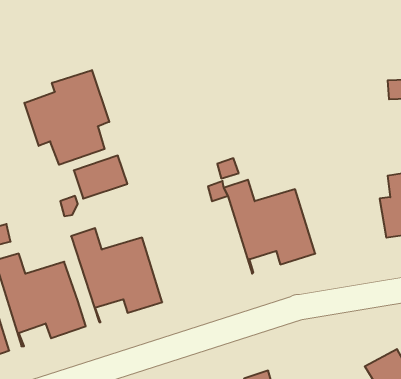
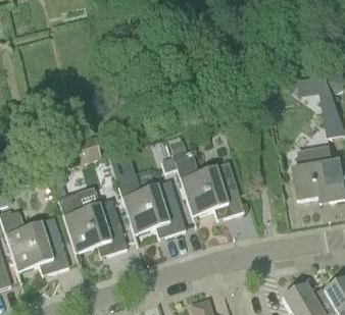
building: [24,70,109,165] -> none
building: none -> [116,172,185,244]

